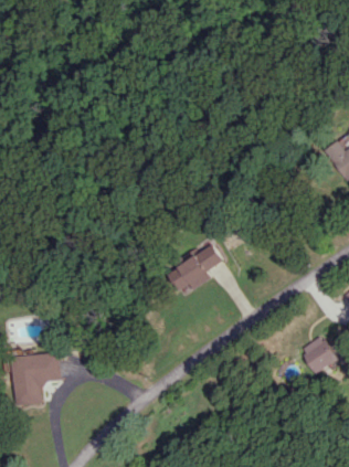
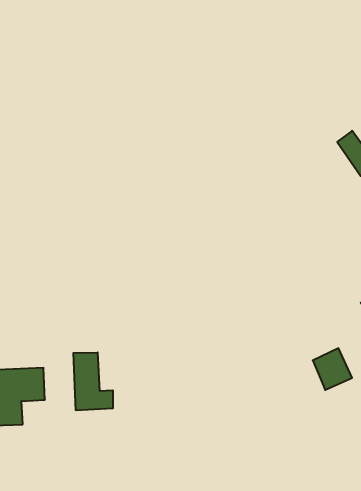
building: [168,245,224,294] -> none
building: none -> [73,352,113,410]

